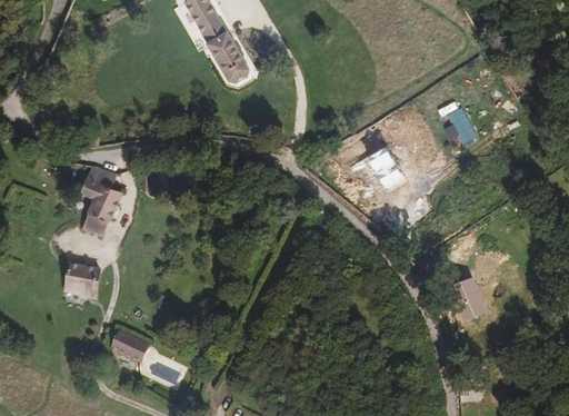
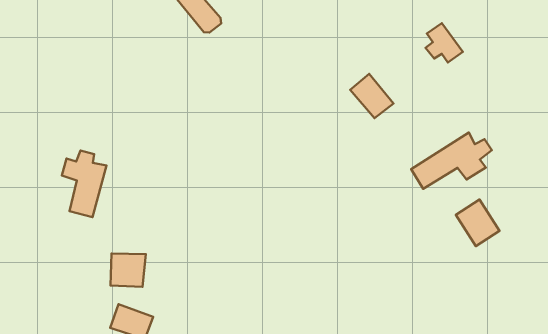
building: none -> [411,133,492,189]
building: [63,265,101,300] -> [110,253,146,287]

